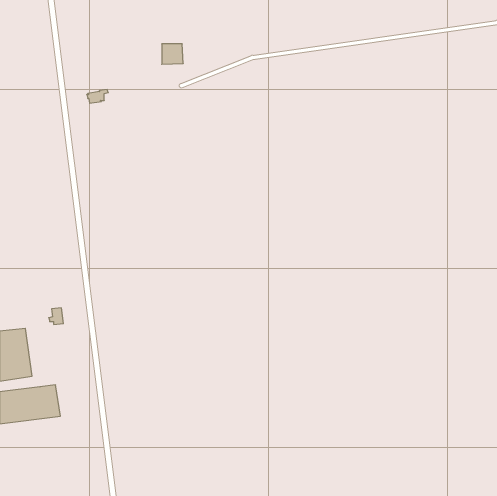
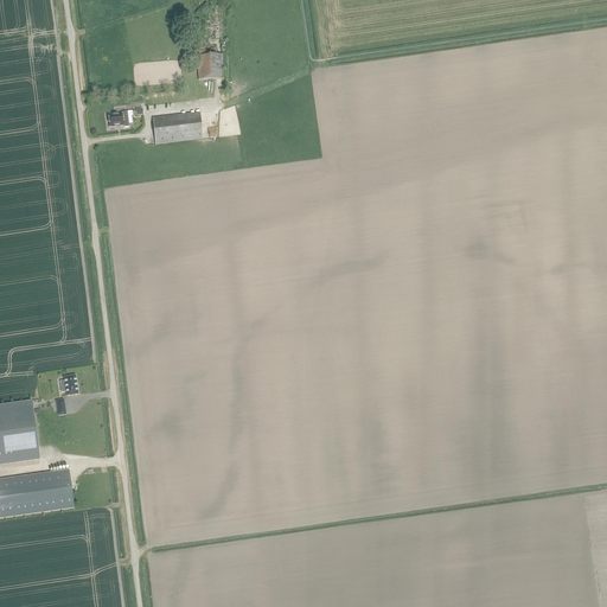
building: none -> [151,110,202,142]

